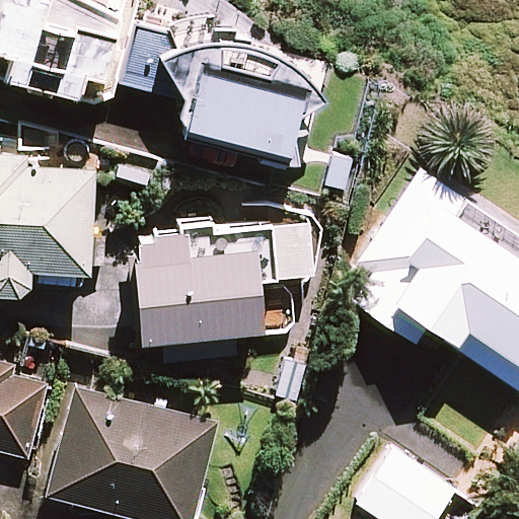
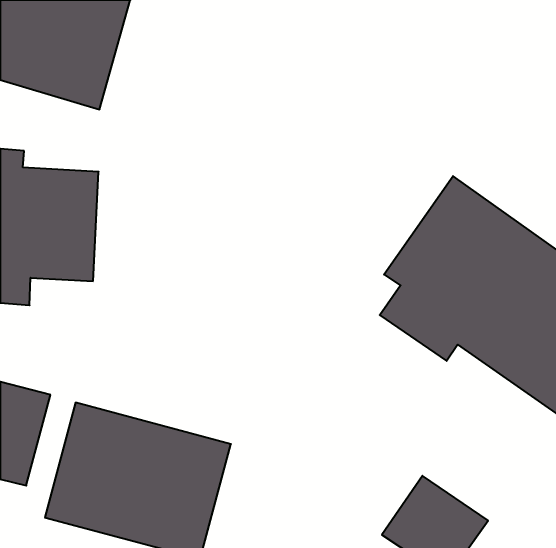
building: [121,25,325,169] -> none
building: [133,223,313,360] -> none

